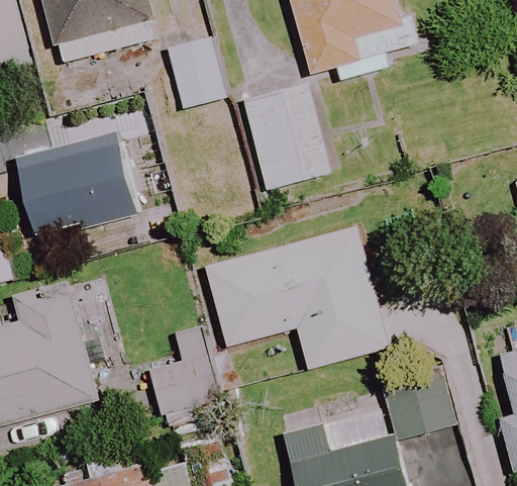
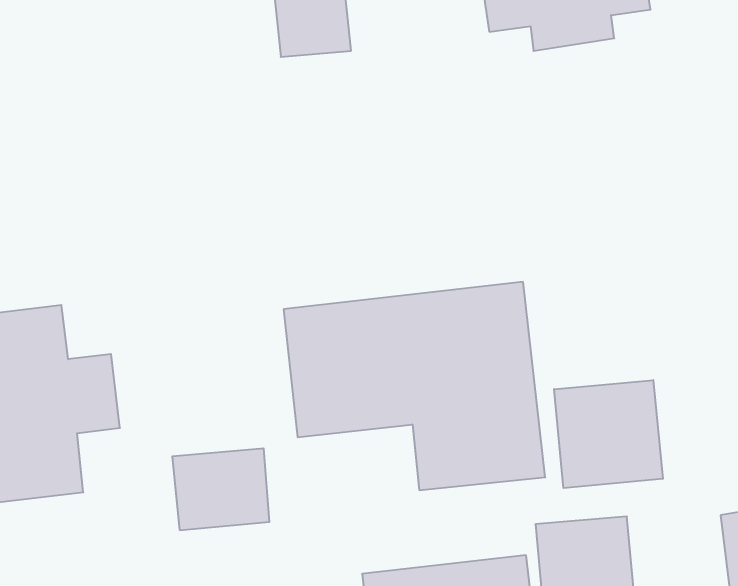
building: [243,85,329,189] -> none
building: [16,136,142,256] -> none
building: none -> [554,380,663,488]

